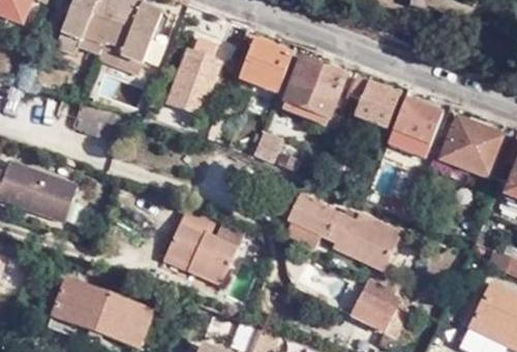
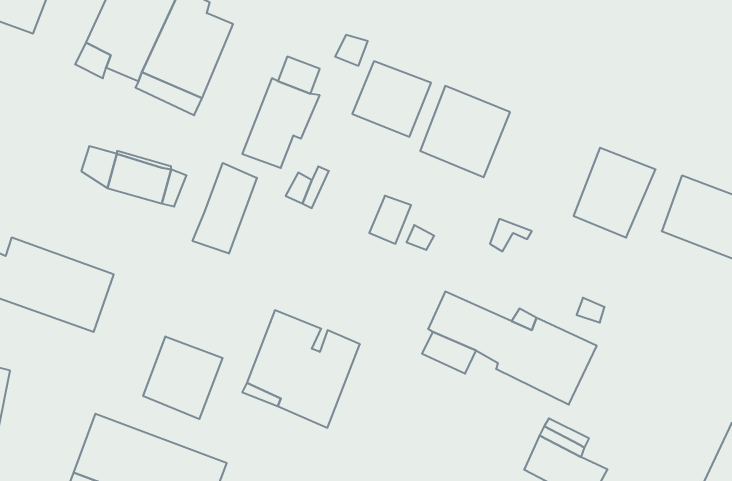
building: [344,79,395,127] -> none
building: none -> [193,163,257,254]
building: none -> [143,336,223,419]

